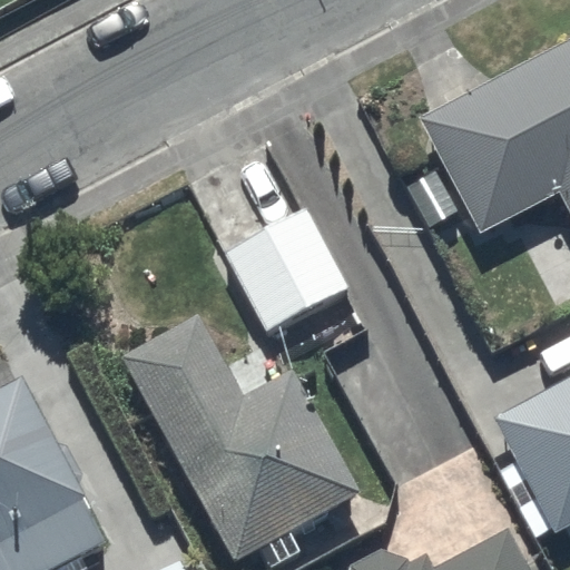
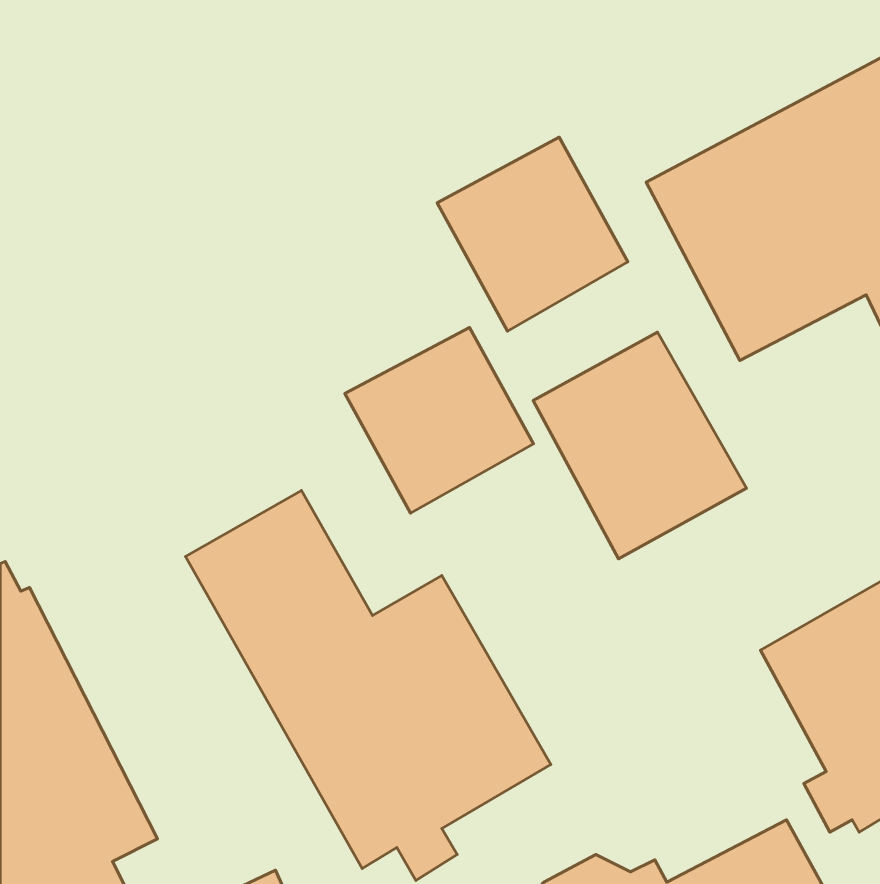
building: none -> [437,137,628,331]
building: none -> [533,332,746,559]

